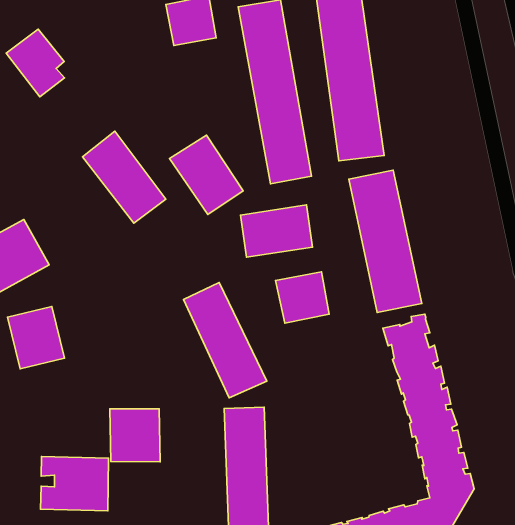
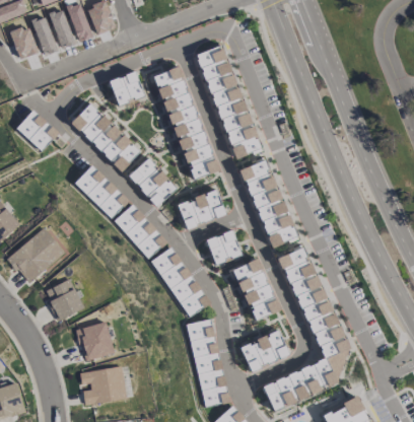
building: none -> [71,101,141,171]
building: none -> [114,204,167,259]
building: none -> [234,259,280,321]
building: [110,409,160,462] -> [77,323,114,360]
building: none -> [240,331,289,371]

